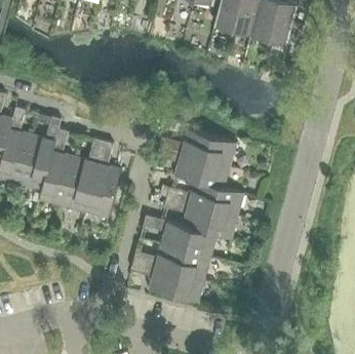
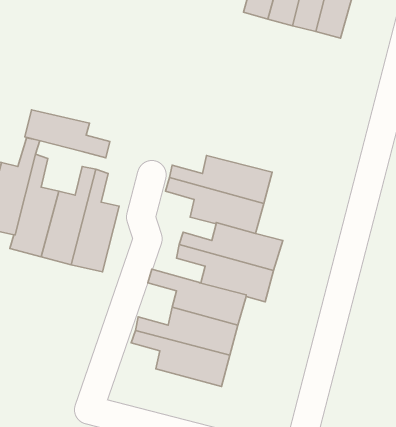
building: none -> [25,110,110,158]

